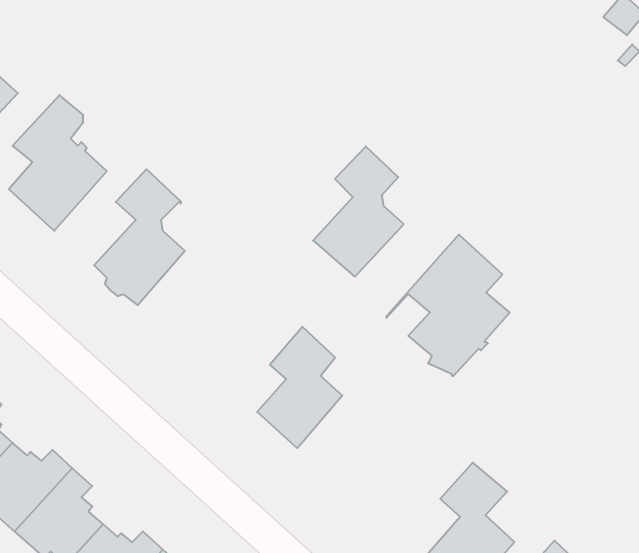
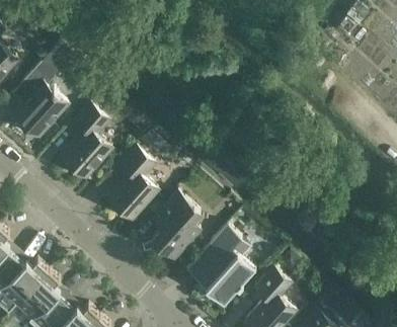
building: [313,146,404,277] -> [107,148,158,221]
building: [386,235,510,376] -> [186,226,255,305]

